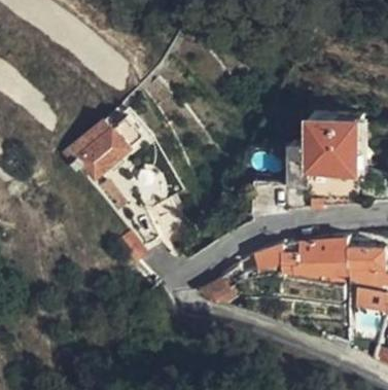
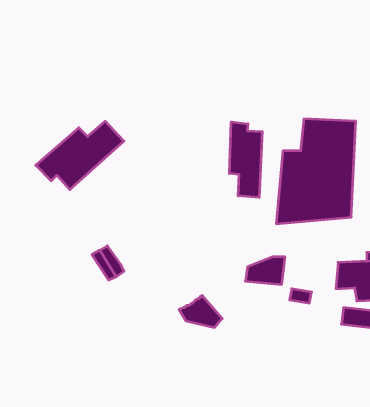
building: none -> [229,122,262,197]
building: [299,234,348,270] -> none

